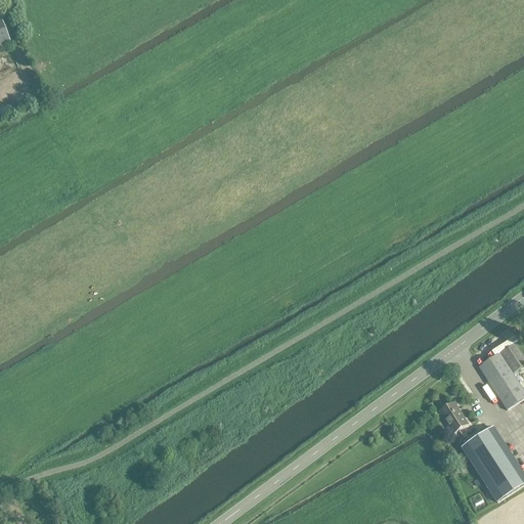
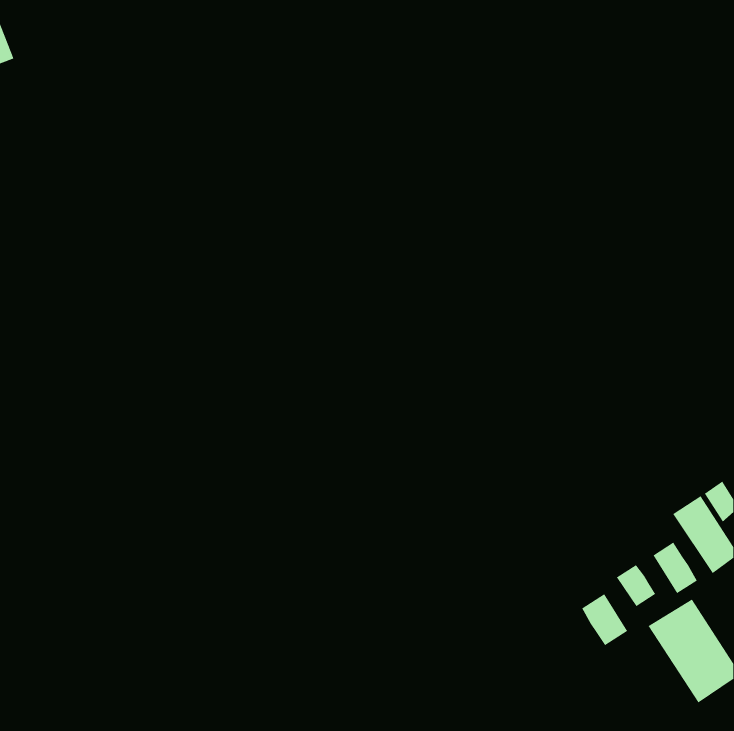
building: none -> [652,542,698,594]
building: none -> [581,593,628,646]

